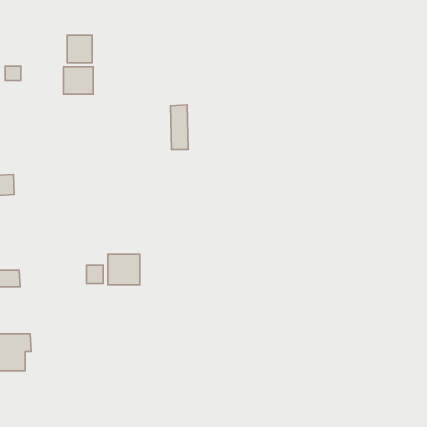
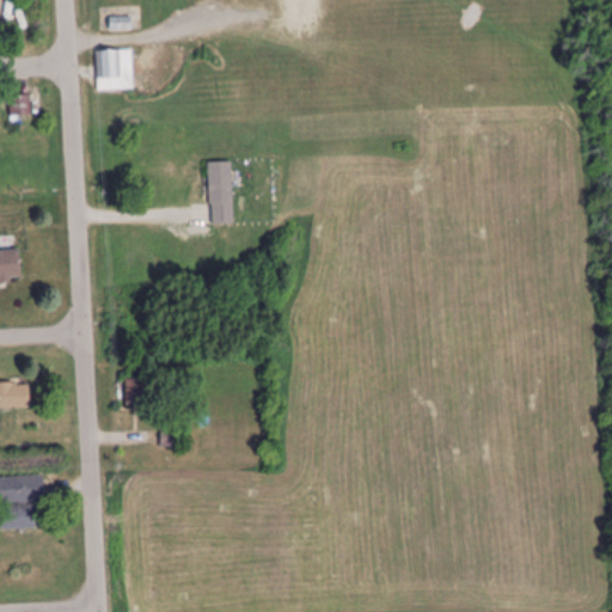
building: [64,67,93,94] -> none
building: [170,105,188,149] -> [207,160,232,224]
building: [108,254,140,285] -> none

